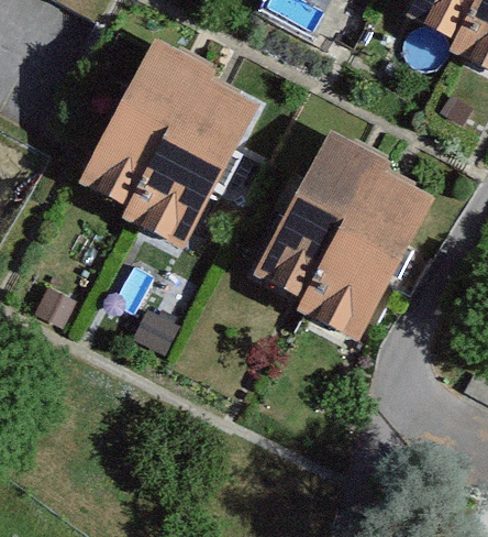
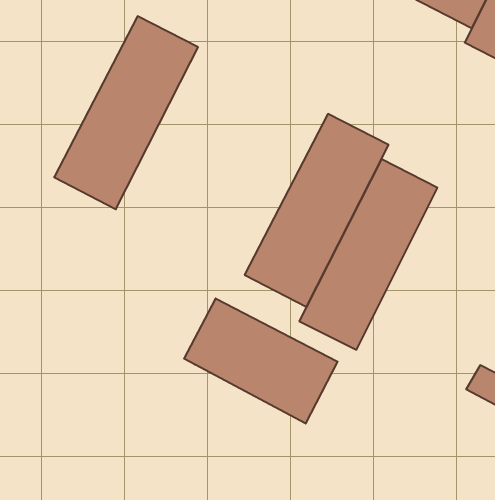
building: [126,84,255,260] -> none
building: none -> [184,298,338,424]

